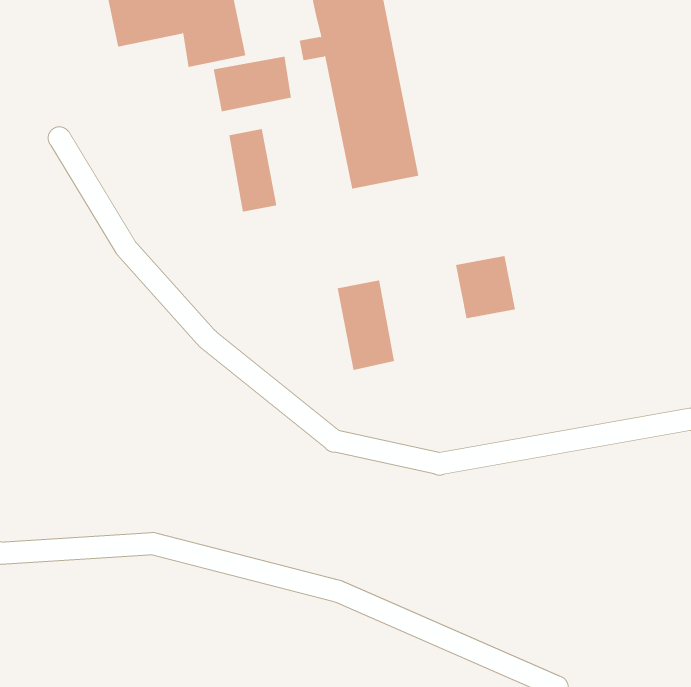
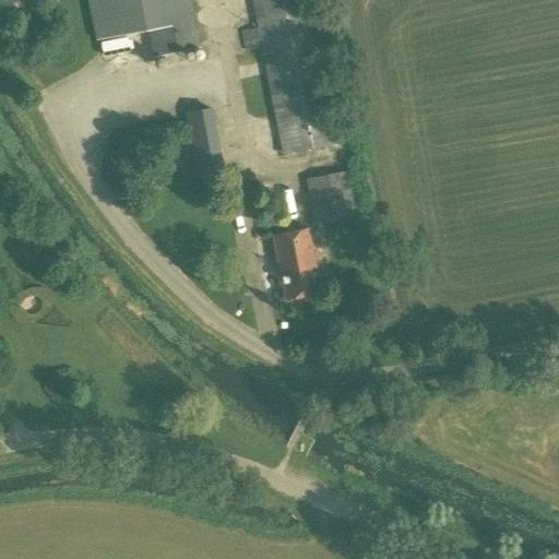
building: [213,56,292,112] -> none
building: [455,255,516,319] -> [306,169,355,221]

